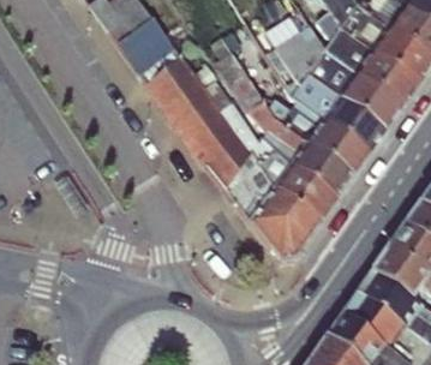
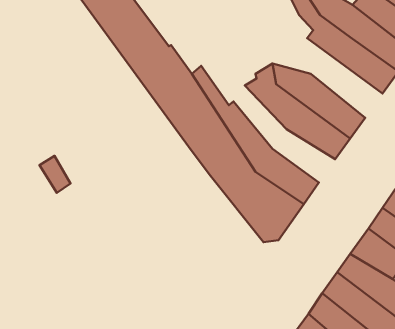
building: [270,30,402,131] -> none
building: [209,37,353,198] -> none

